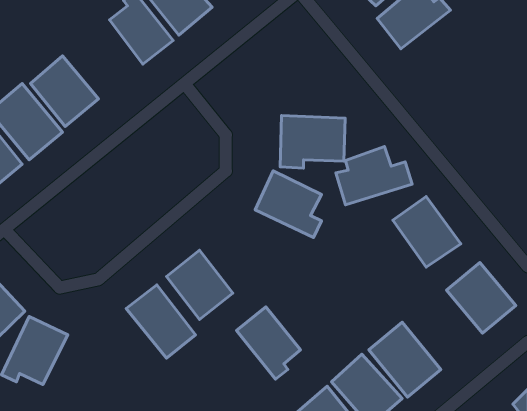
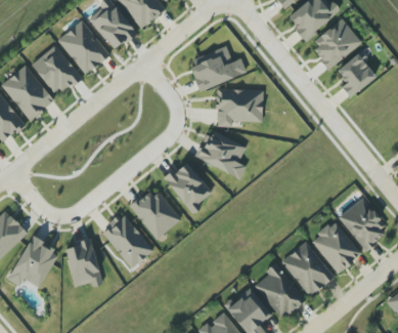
building: none -> [310,17,361,68]
building: none -> [57,19,109,75]
building: none -> [336,50,375,96]
building: [336,147,412,205] -> [190,46,247,89]
building: [393,197,461,267] -> [311,220,361,273]
building: [237,307,300,379] -> [164,161,211,214]
building: none -> [63,240,103,287]

